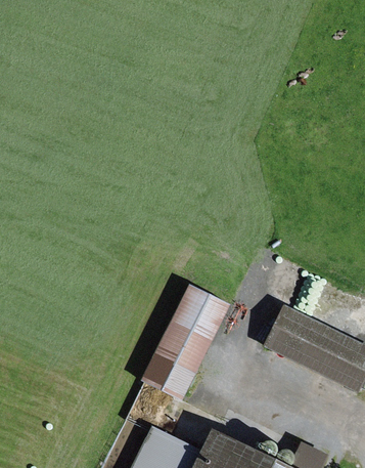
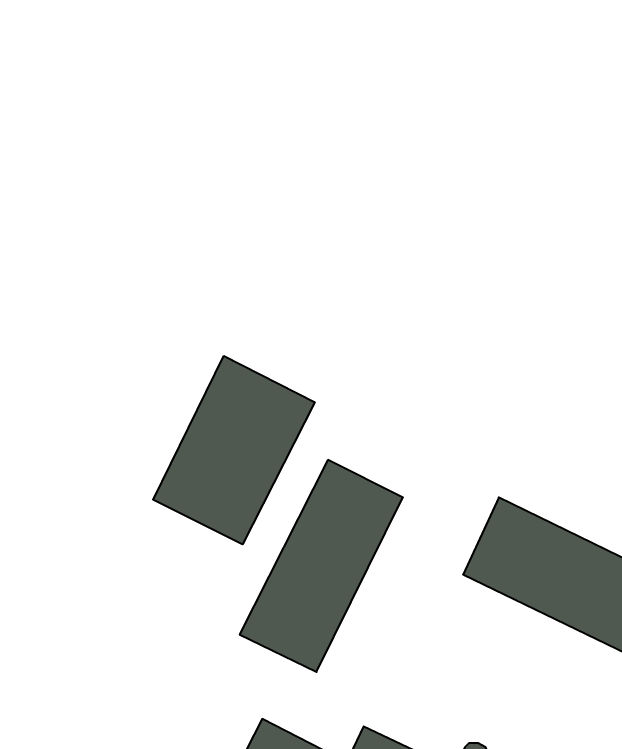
building: none -> [153,356,315,544]

